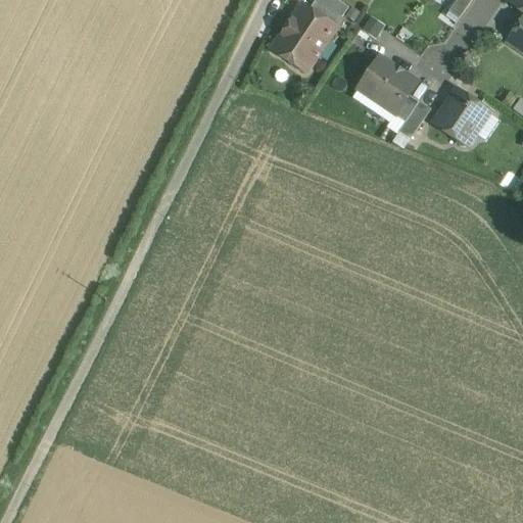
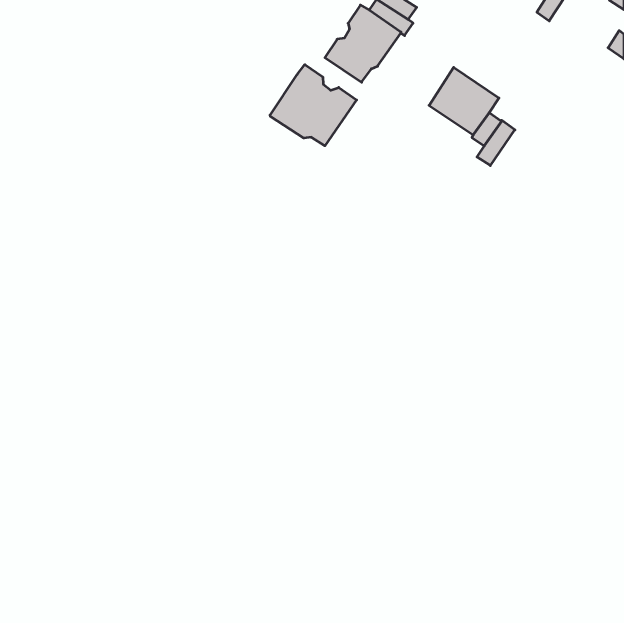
building: none -> [270,65,357,146]
building: [432,89,487,145] -> none

